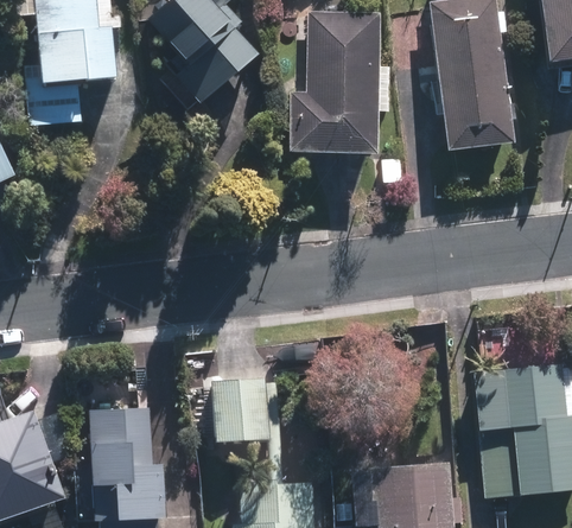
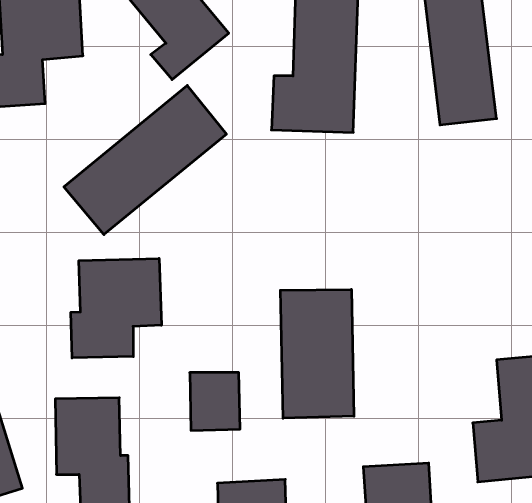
building: none -> [64,85,226,235]
building: none -> [71,258,161,358]
building: none -> [280,289,354,418]

